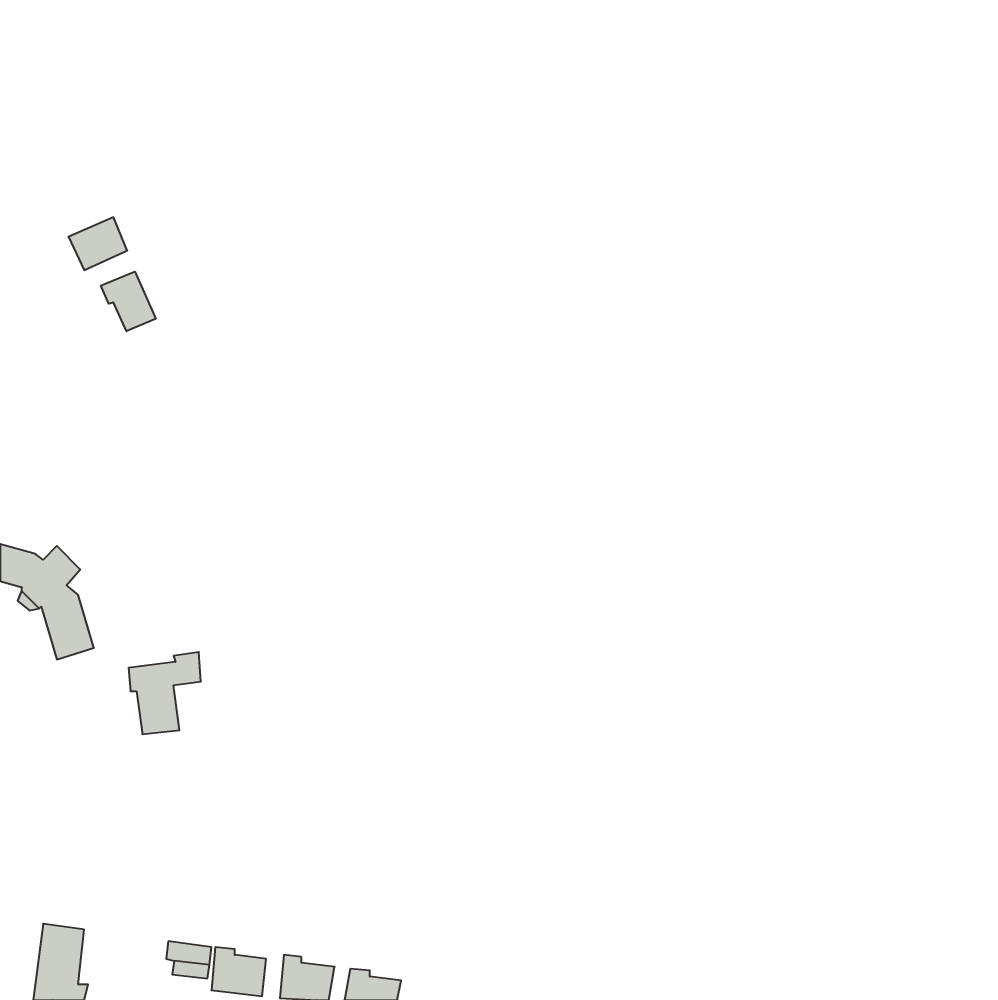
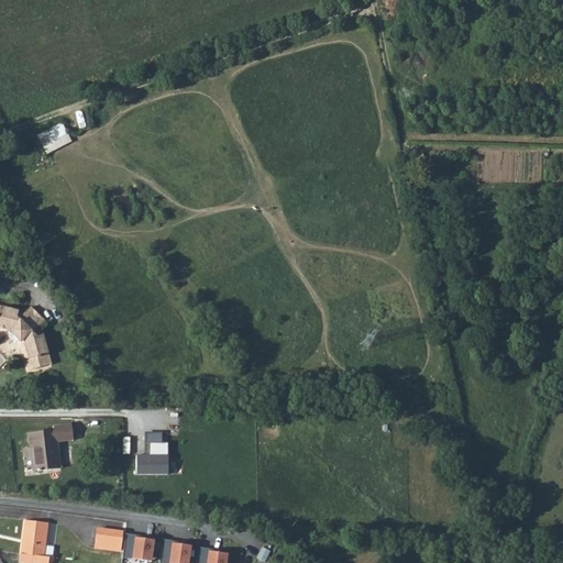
building: [101,272,156,331] -> none
building: [129,652,201,734] -> [25,426,66,472]
building: none -> [136,443,169,474]

